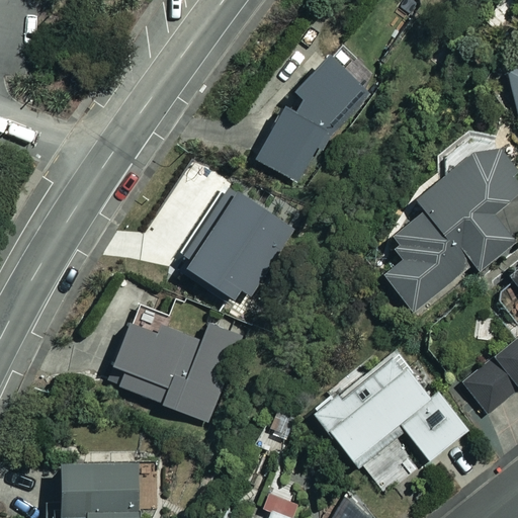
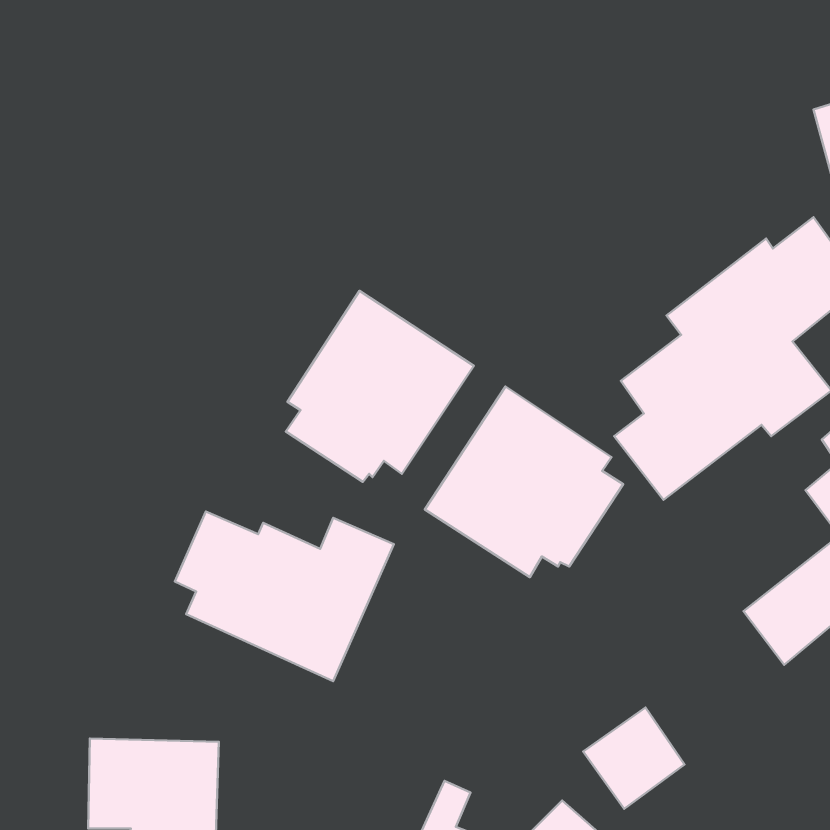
building: [254,45,376,184] -> none
building: none -> [425,387,623,577]
building: [313,345,468,466] -> none

